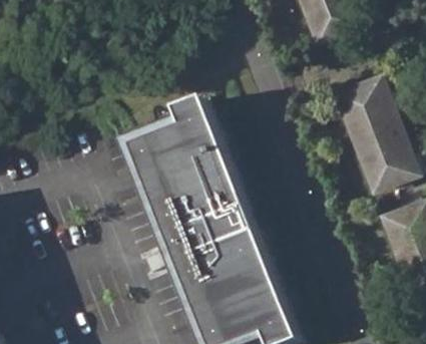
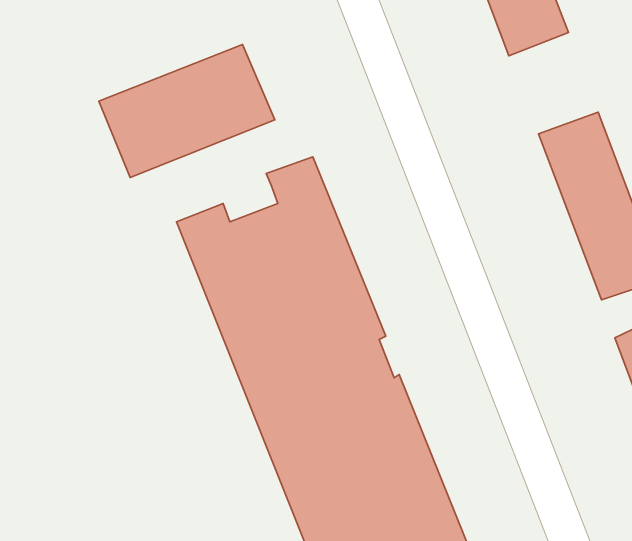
building: none -> [99,45,275,178]

